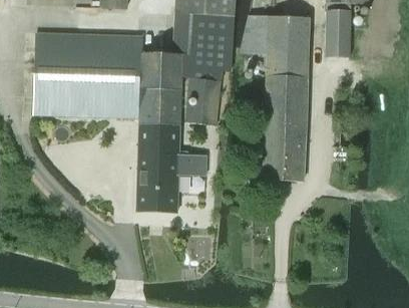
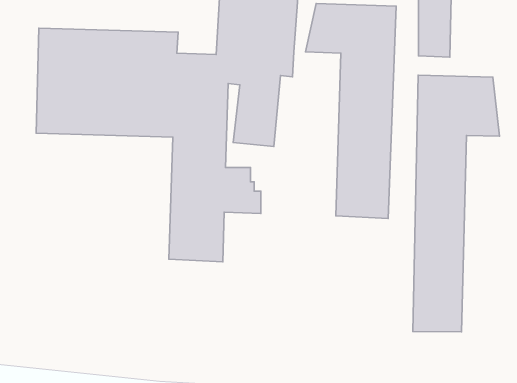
building: none -> [413,75,500,332]

